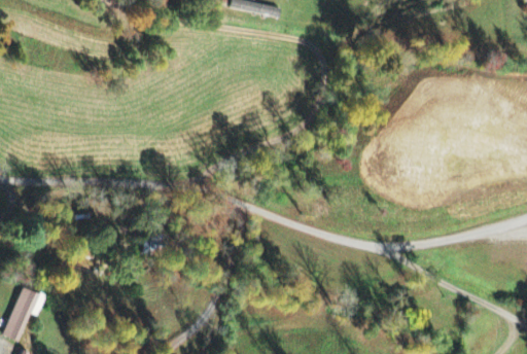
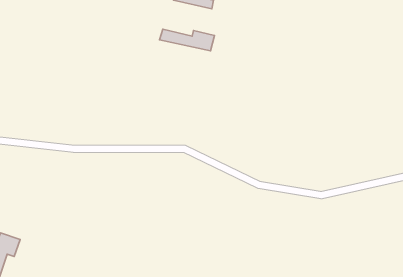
building: none -> [159,29,214,51]

